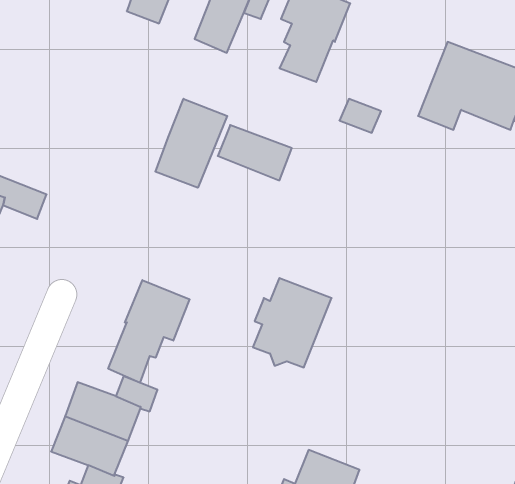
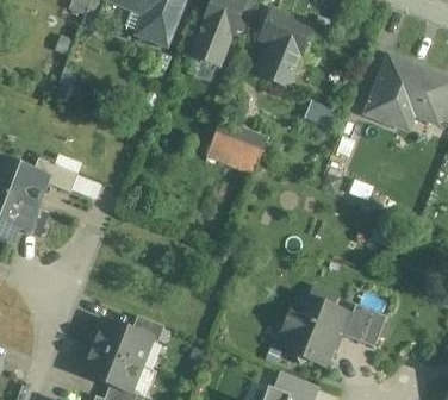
building: [155,99,227,188] -> none
building: [253,278,332,367] -> [284,296,344,365]
building: [108,280,190,383] -> none
building: none -> [344,305,387,348]

